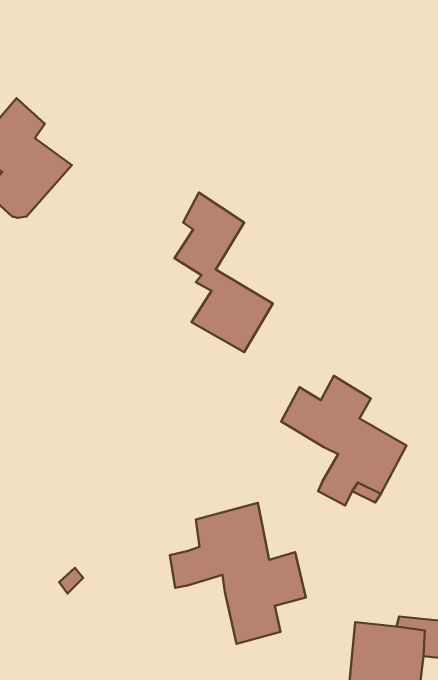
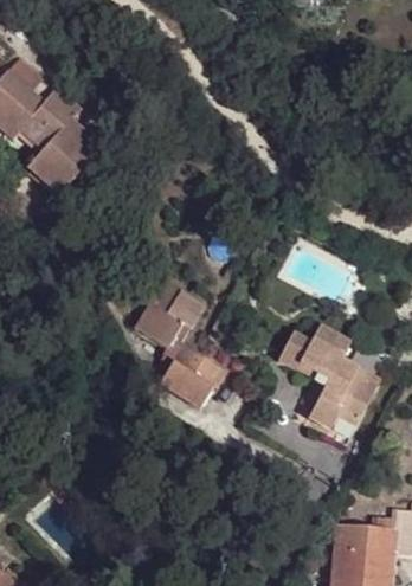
building: [175,193,273,352] -> [141,281,223,413]
building: [170,503,306,644] -> none

